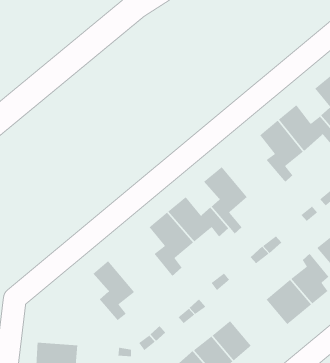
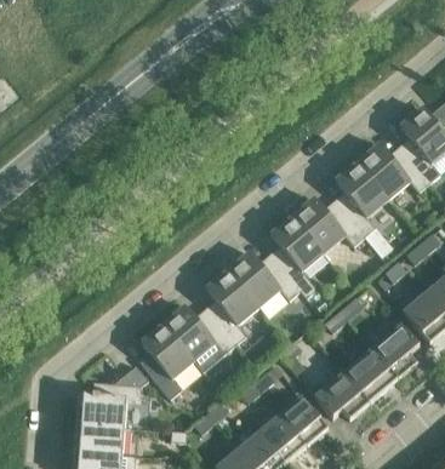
building: none -> [292,199,366,253]
building: none -> [162,307,234,372]
building: none -> [75,366,148,427]
building: none -> [309,373,369,419]

